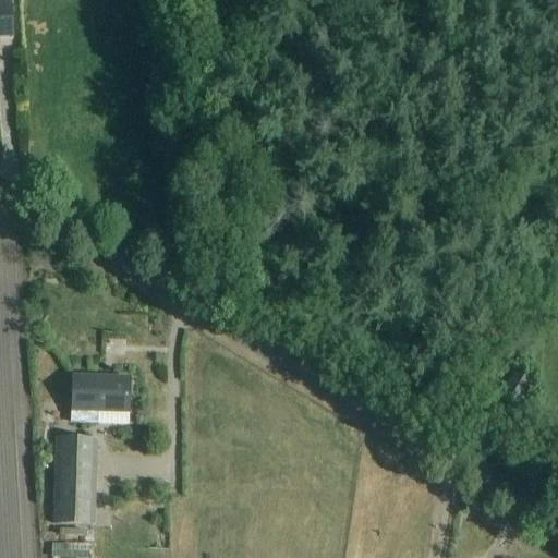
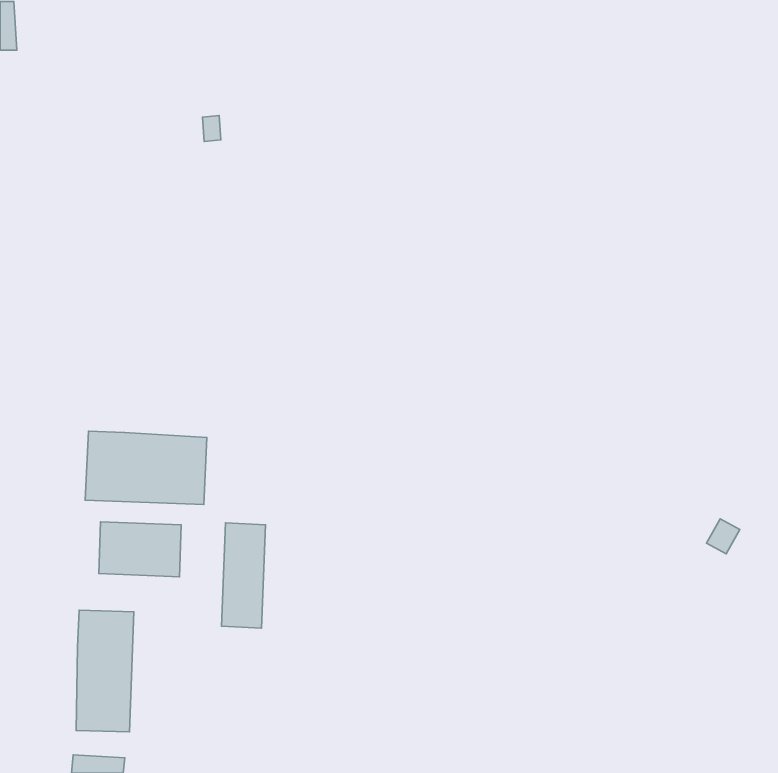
building: none -> [85,431,207,505]
building: none -> [222,523,265,628]

